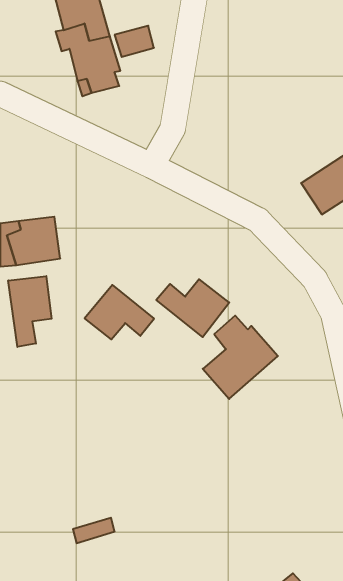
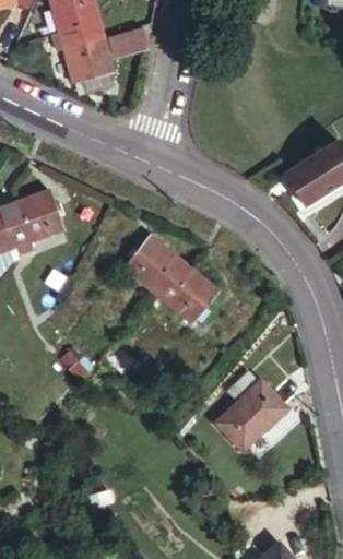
building: [8,276,52,347] -> none
building: [85,285,154,339] -> [123,235,189,286]
building: [203,316,278,399] -> [215,371,286,450]

